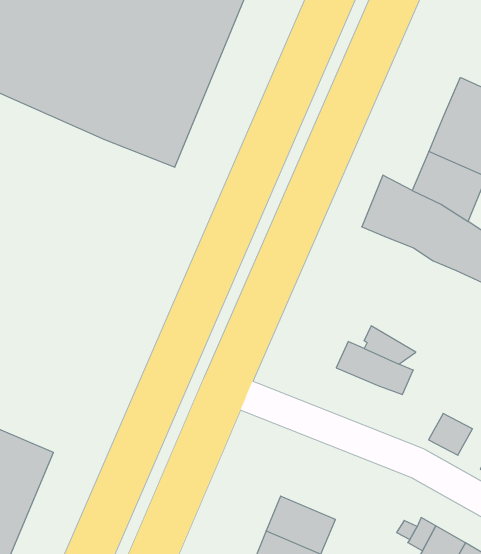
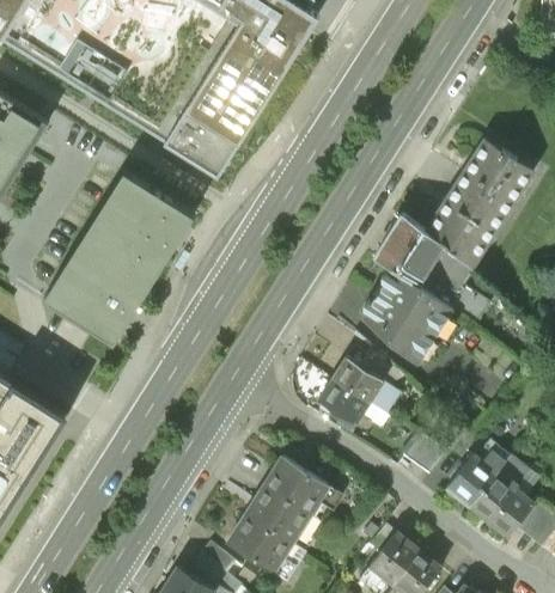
building: none -> [43,169,194,341]
building: none -> [361,268,452,365]
building: none -> [318,378,367,428]
building: none -> [263,456,341,513]

